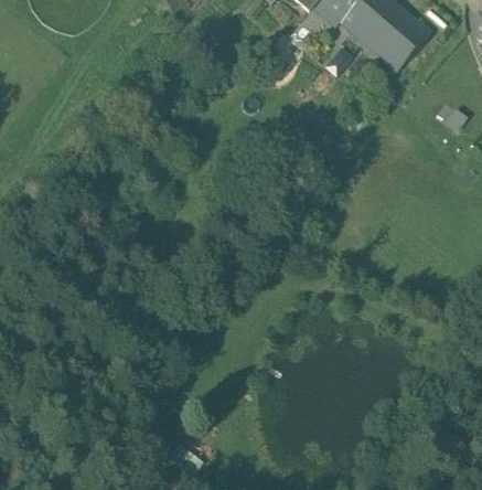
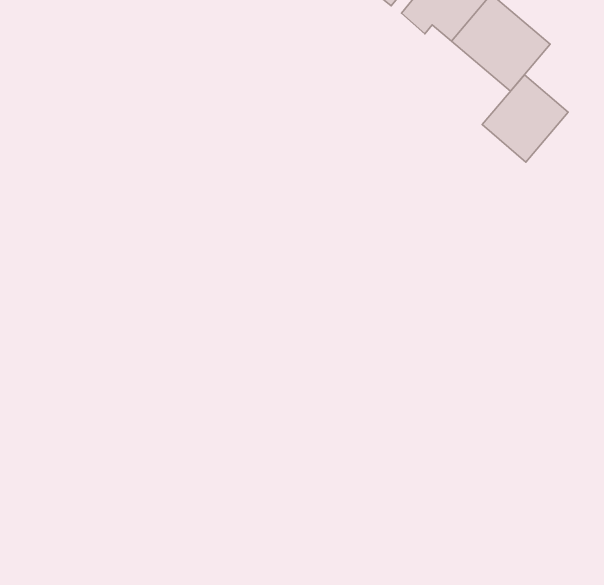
building: none -> [482,75,568,162]

